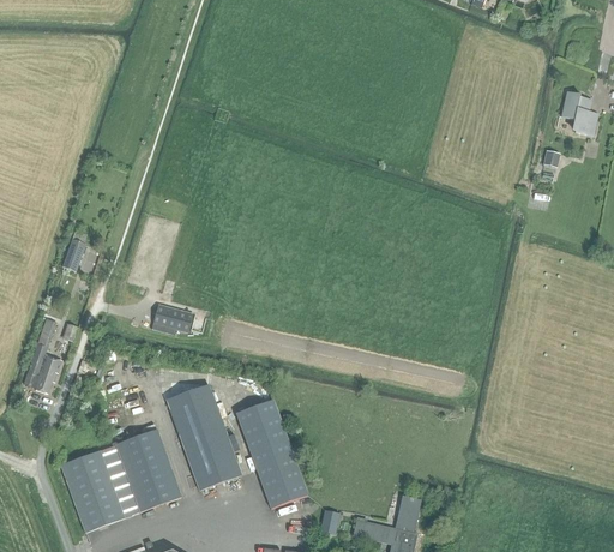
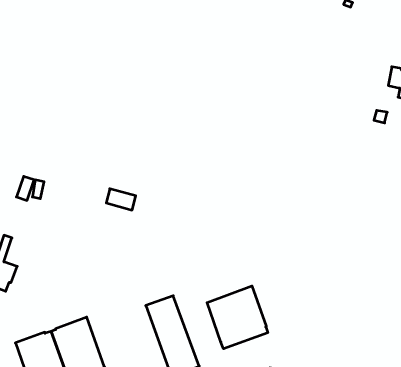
building: [152,304,192,332] -> [106,189,136,210]
building: [165,384,241,490] -> none
building: none -> [207,286,268,349]

